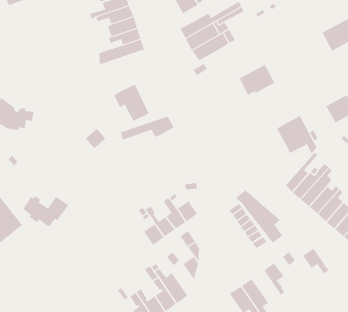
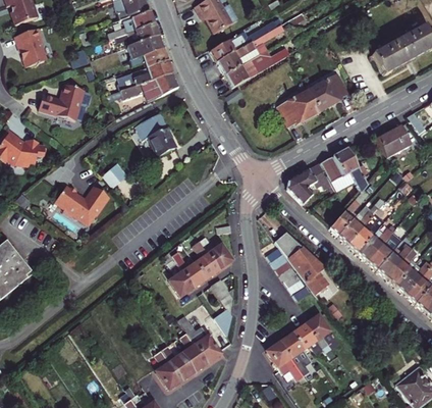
building: none -> [15,28,46,66]
building: none -> [308,72,348,111]
building: none -> [39,84,85,119]
building: [120,116,174,140] -> [116,73,178,101]
building: none -> [287,163,332,203]
building: [22,195,69,228] -> [56,186,109,222]
building: [302,248,329,275] -> [292,324,323,355]

